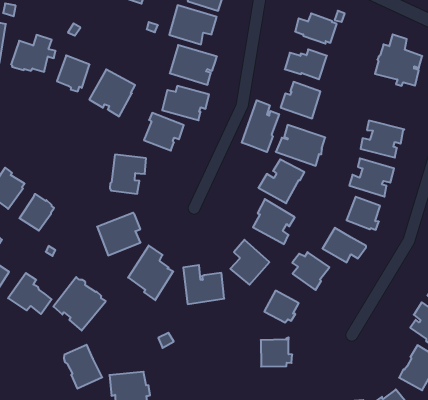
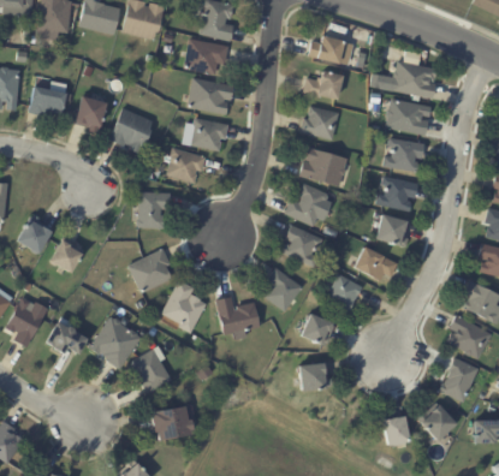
building: none -> [386,97,432,135]
building: [242,100,279,152] -> none
building: [64,345,102,389] -> [132,347,172,392]

